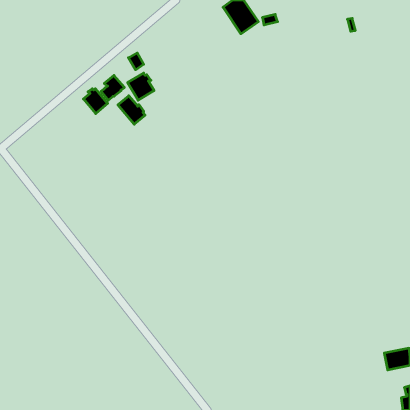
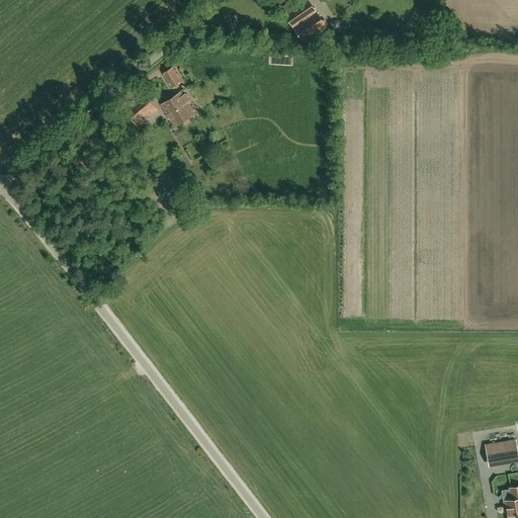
building: [83,89,108,114] -> none
building: [118,96,145,124] -> none

